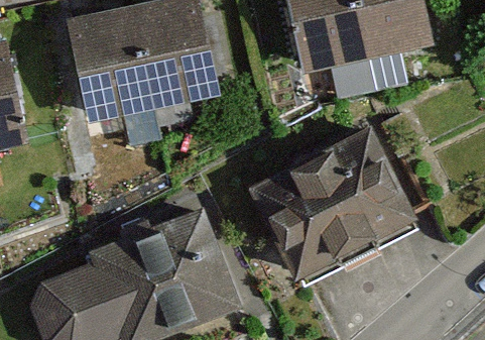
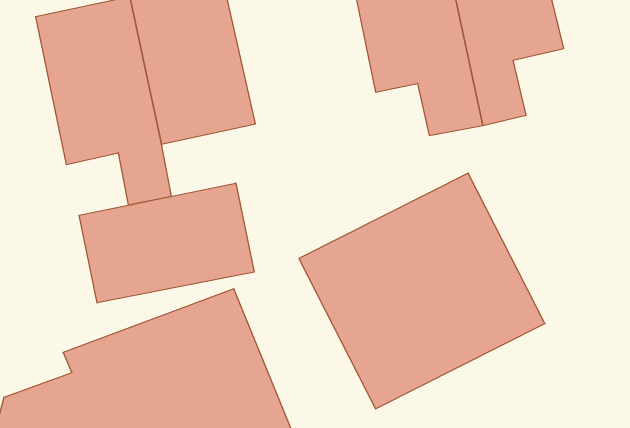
building: none -> [79,183,254,303]

